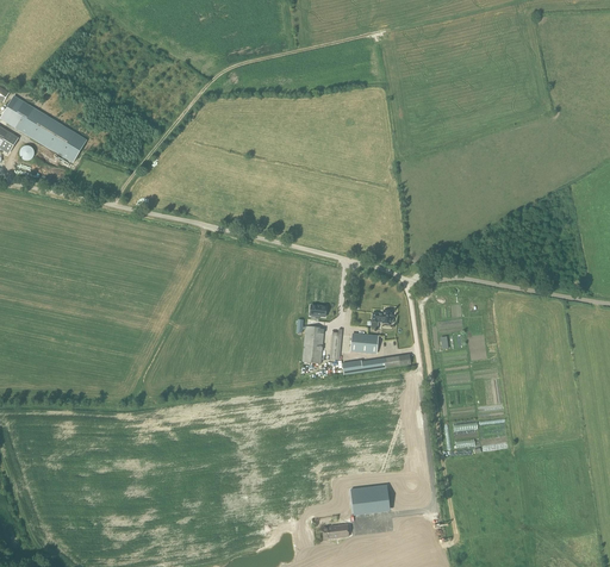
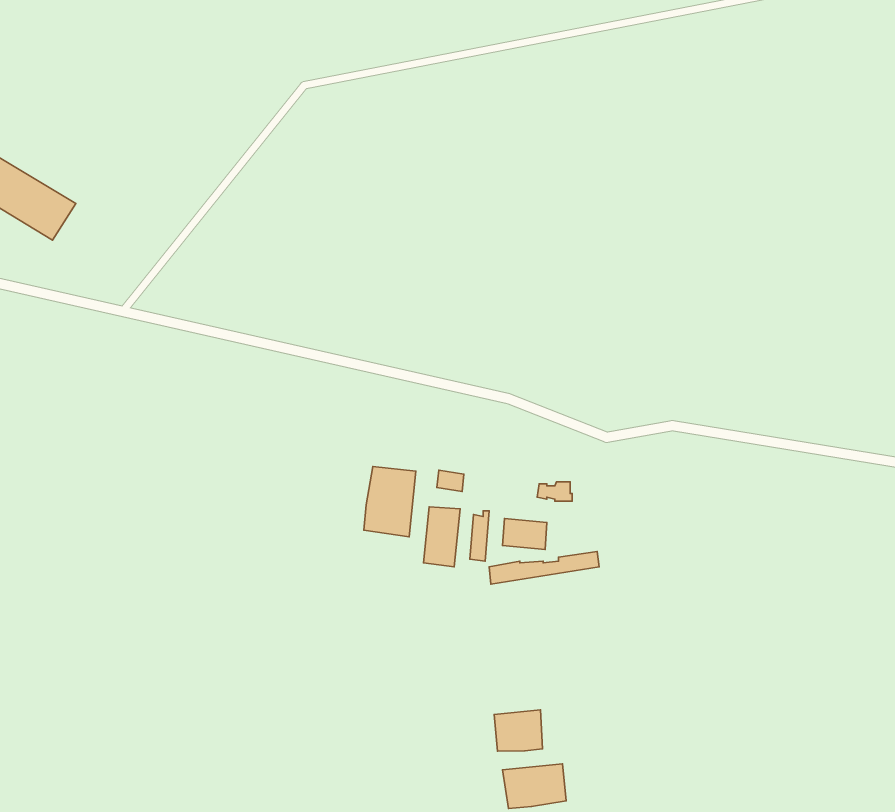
building: none -> [364,467,416,537]
building: none -> [494,710,543,751]

